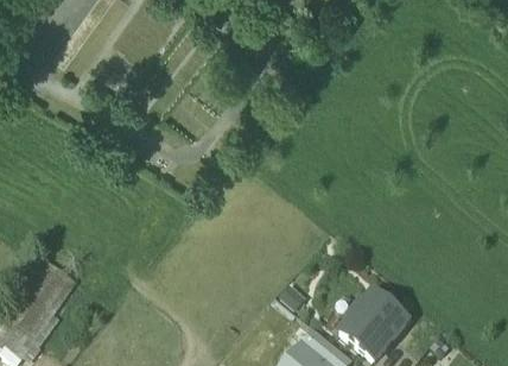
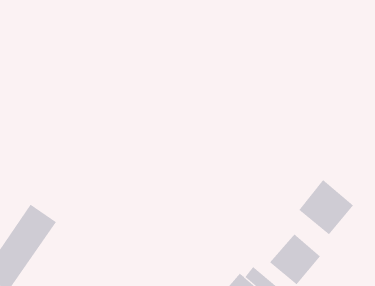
building: none -> [298,179,354,235]

